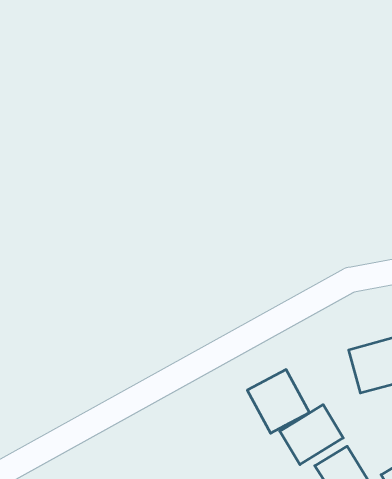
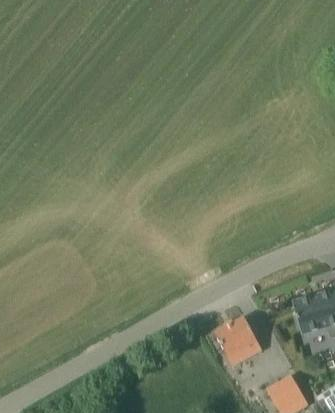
building: [280,405,343,465] -> none

